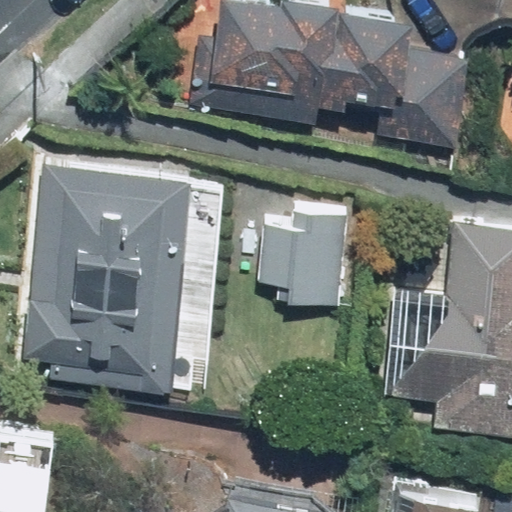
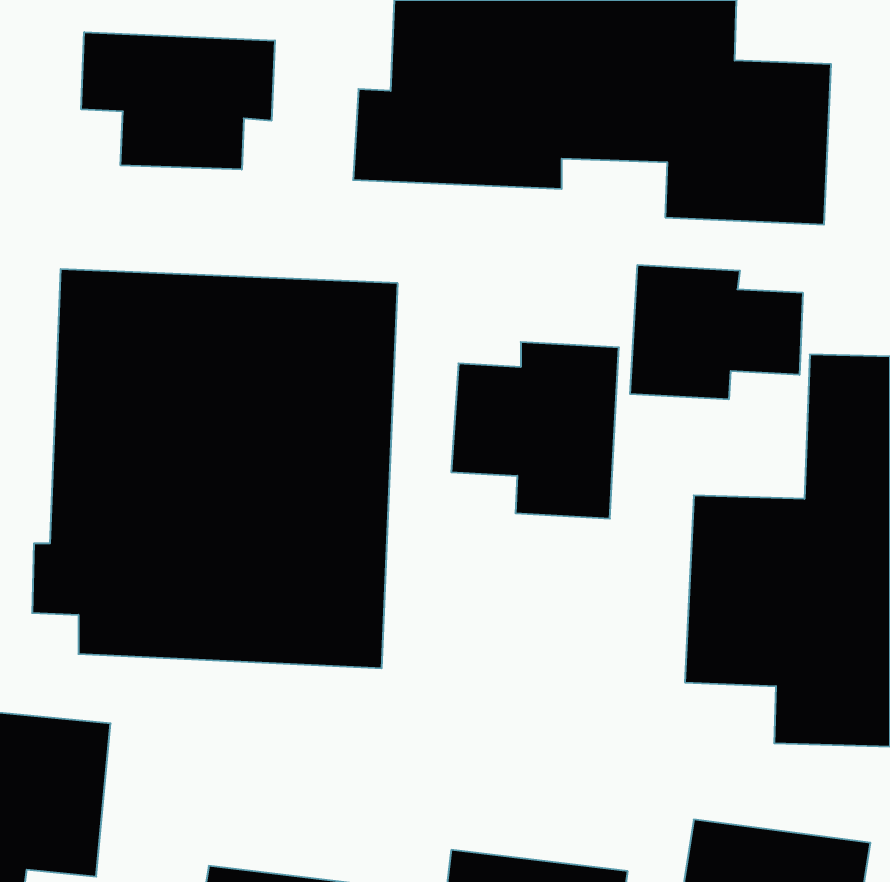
building: none -> [81,32,275,170]
building: none -> [630,265,803,399]

